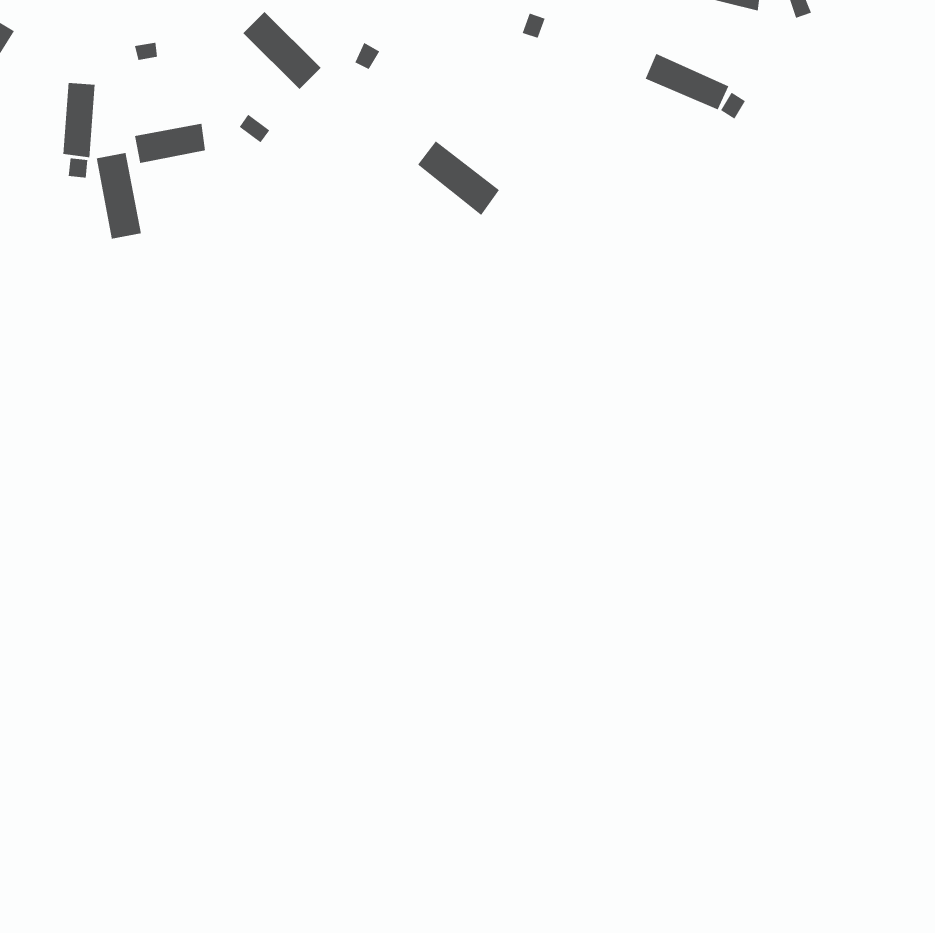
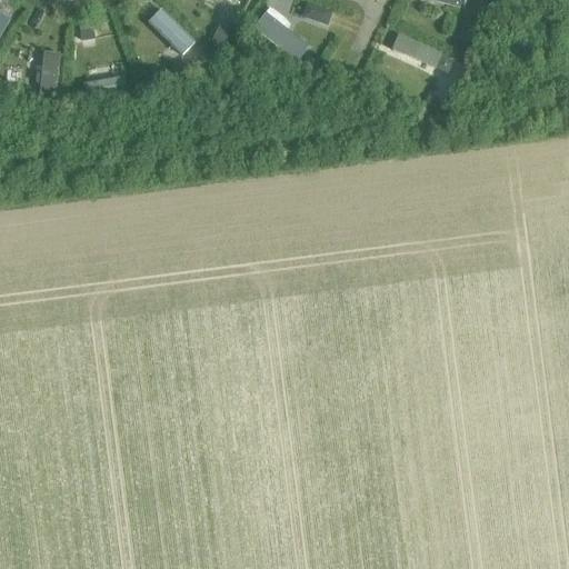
building: [417,140,500,216] -> [254,9,305,54]
building: [96,152,141,240] -> none

